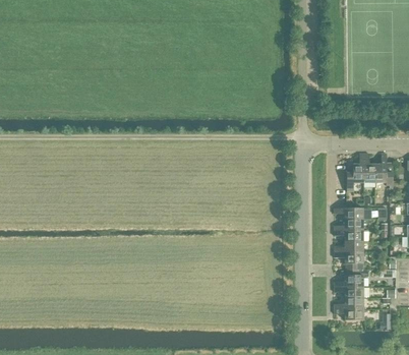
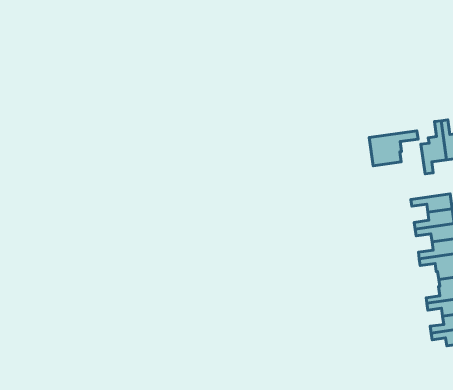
building: none -> [369,131,418,166]

